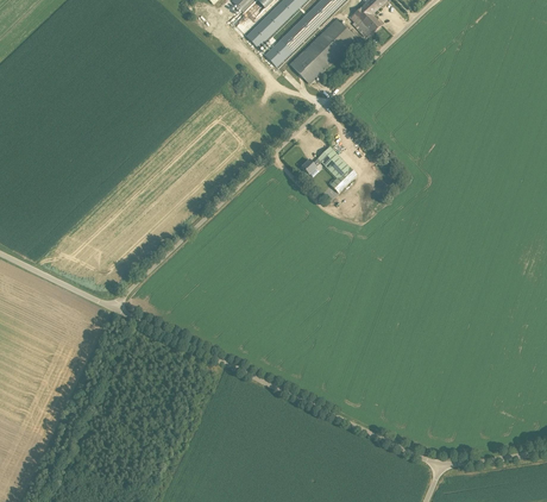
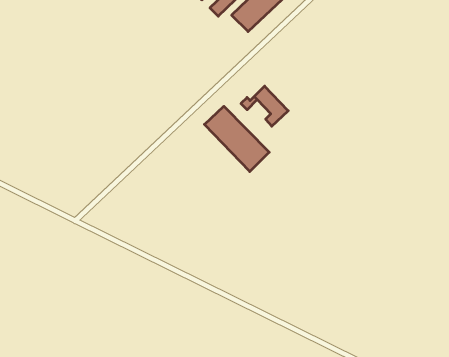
building: none -> [204,106,269,172]

